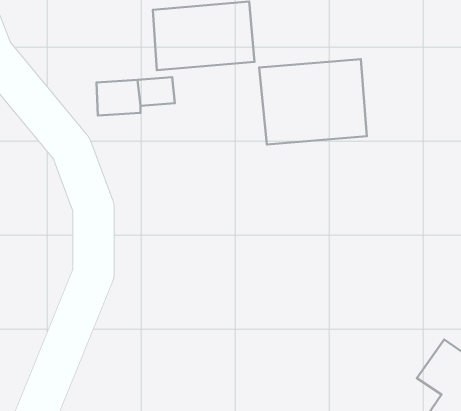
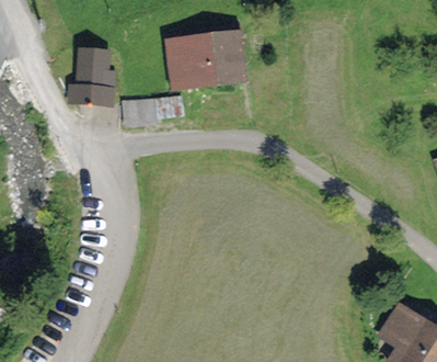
building: none -> [68,47,117,105]
building: [259,59,367,144] -> none

